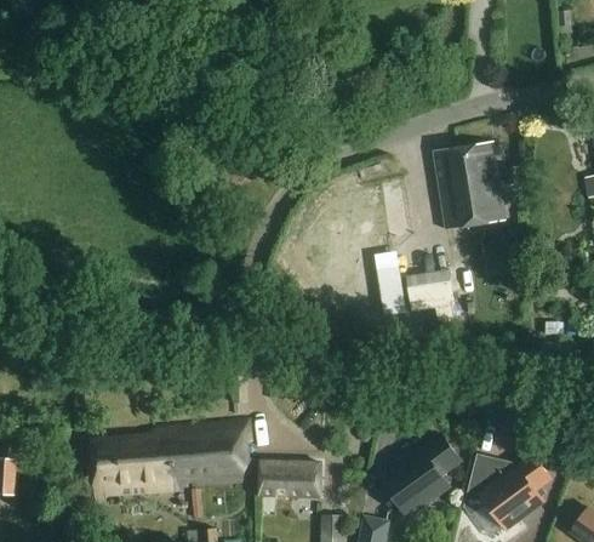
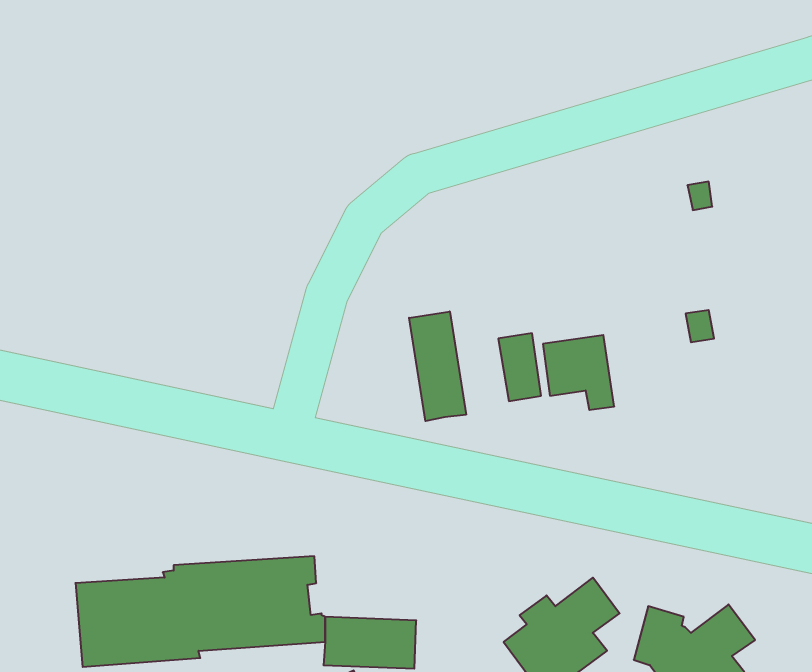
building: [435,141,506,229] -> none
building: none -> [409,311,466,421]

